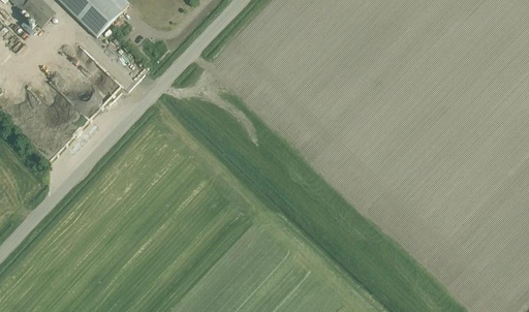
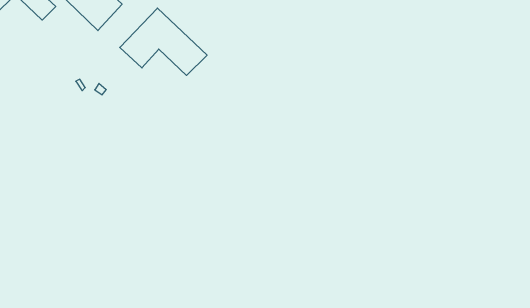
building: none -> [120,8,207,75]

